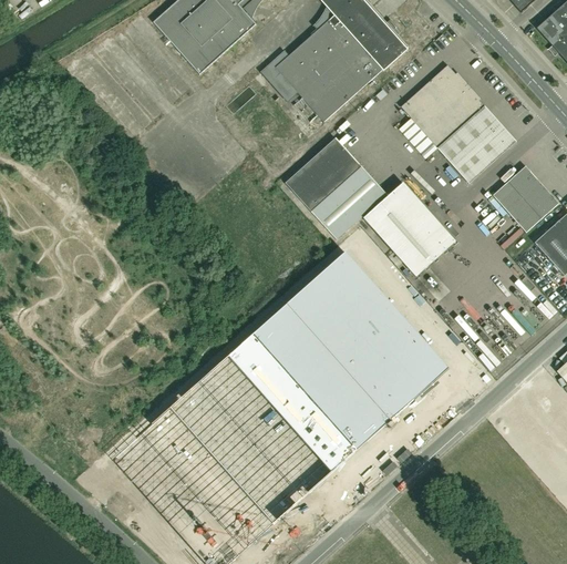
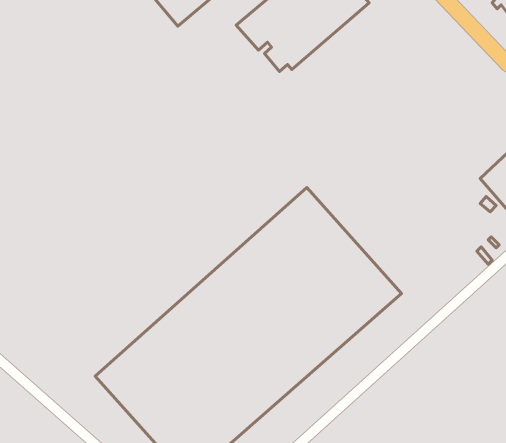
building: [399,63,515,182] -> none
building: [285,135,455,275] -> none
building: [493,164,558,230] -> none

